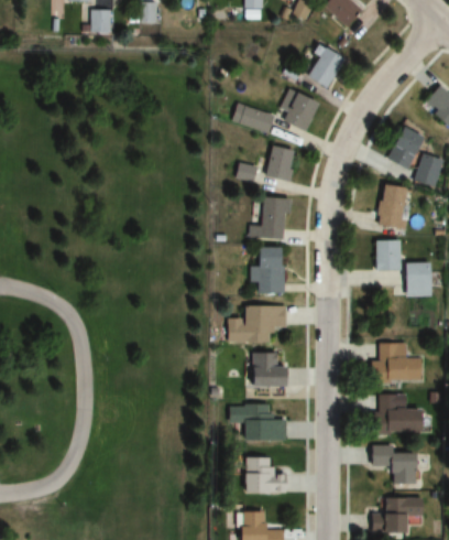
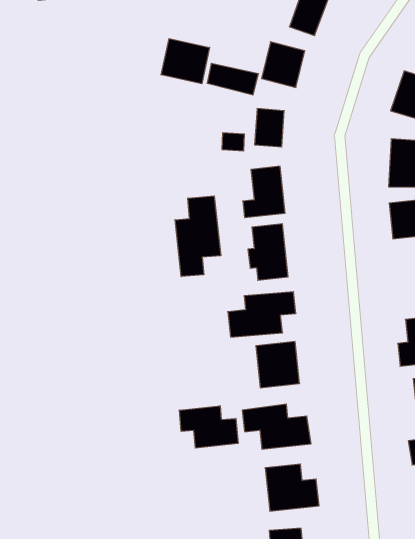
building: none -> [161,39,210,84]
building: none -> [175,196,221,277]
building: none -> [179,406,238,448]

